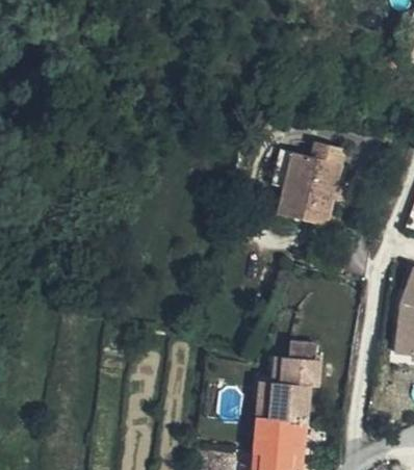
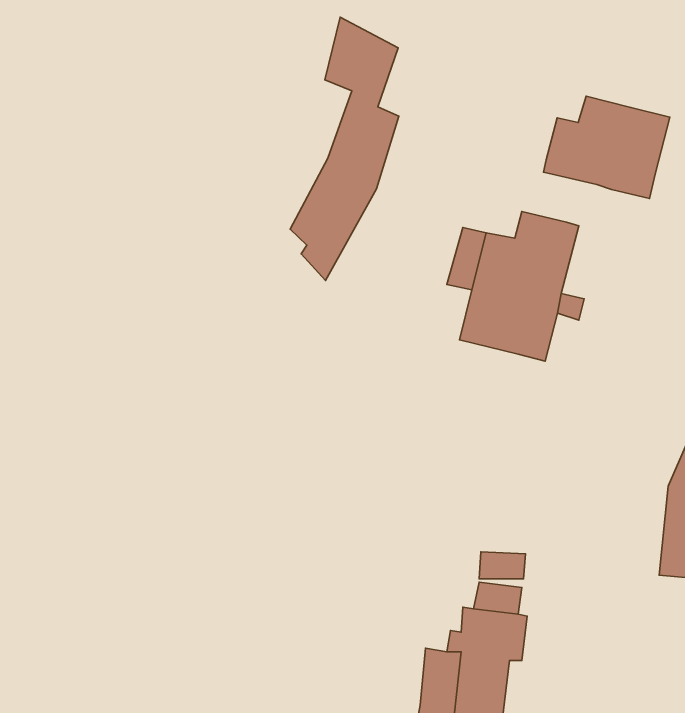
building: none -> [290,17,399,280]
building: none -> [544,96,670,198]

